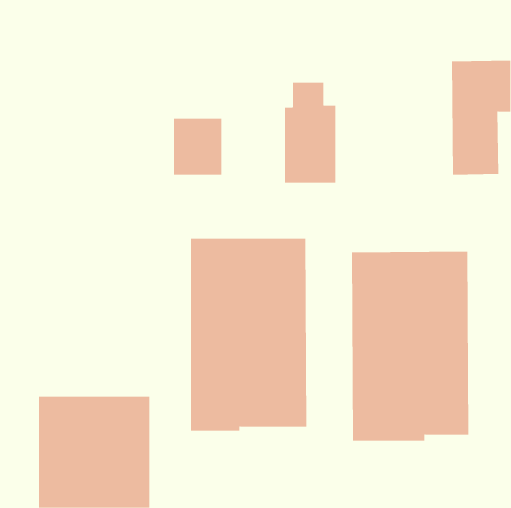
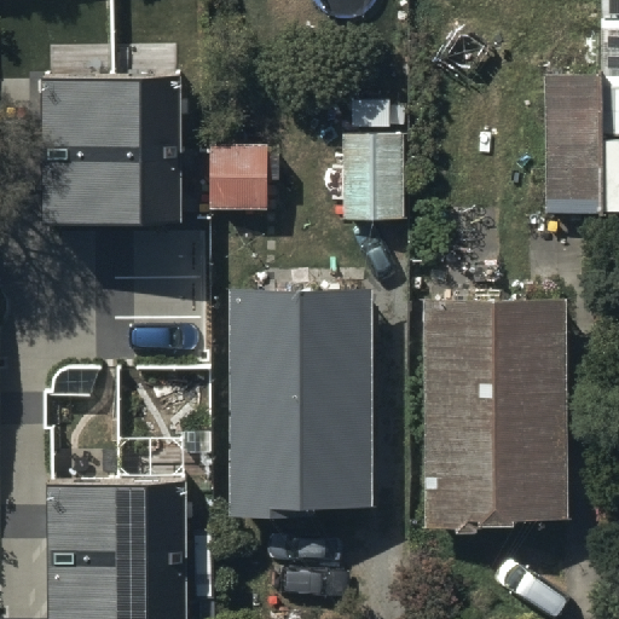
building: none -> [40,71,181,219]

